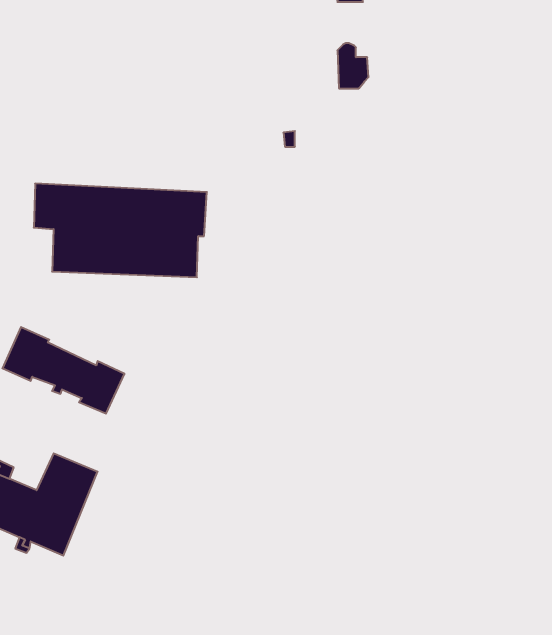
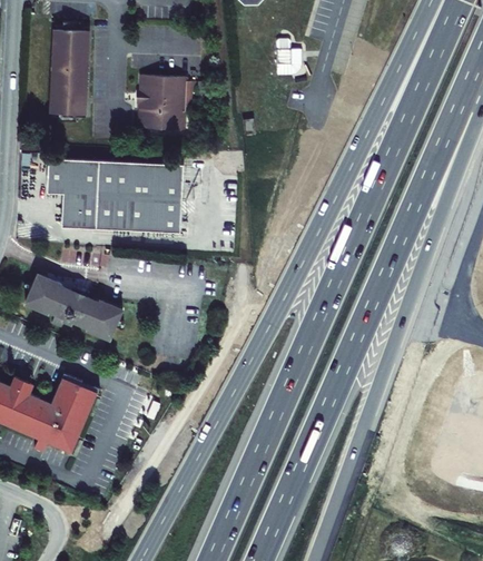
building: none -> [50,27,91,112]
building: none -> [138,76,196,130]

